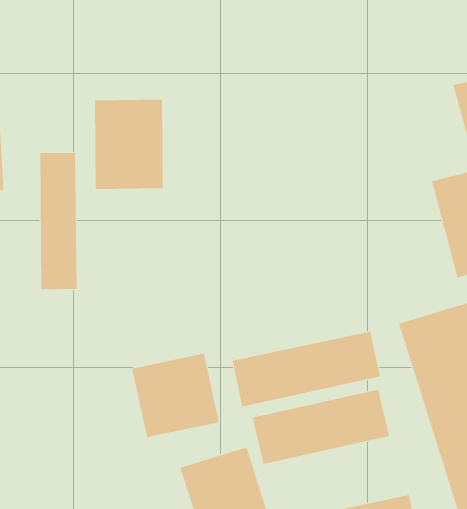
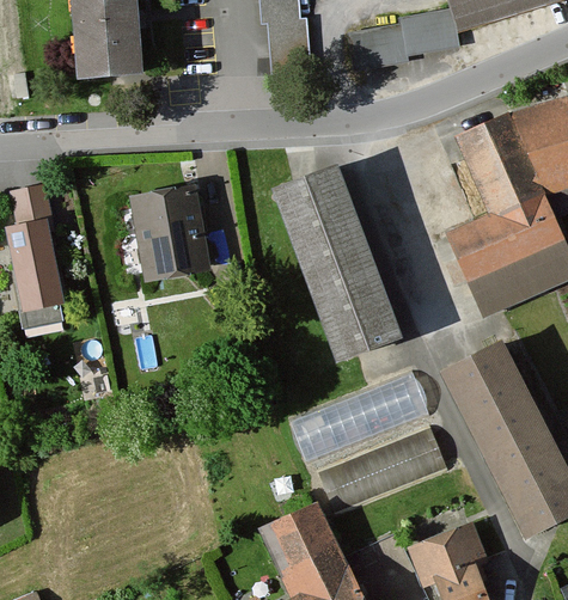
building: none -> [275,179,398,369]
building: [40,152,77,290] -> none
building: [132,353,219,438] -> none

